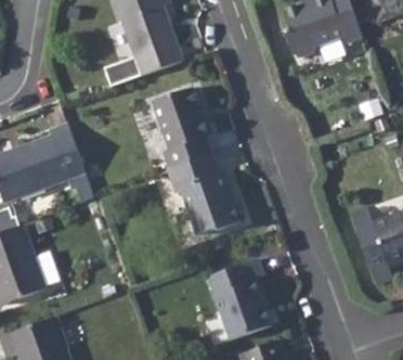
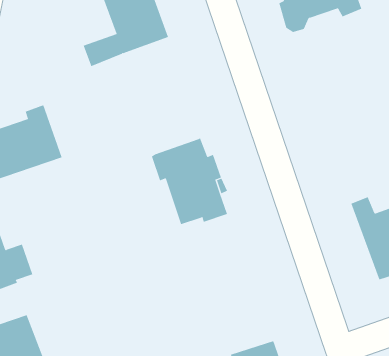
building: [154,89,211,168] -> none
building: [206,265,268,340] -> none

